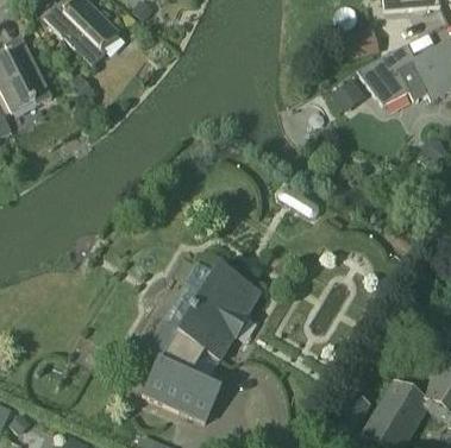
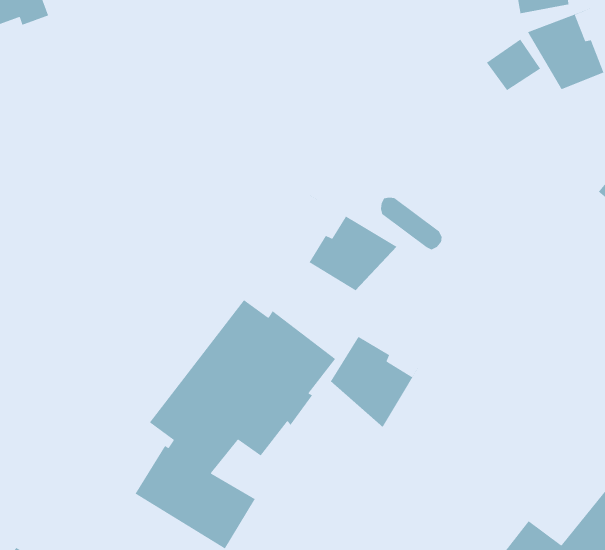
building: none -> [309,193,398,291]
building: none -> [330,336,435,428]

